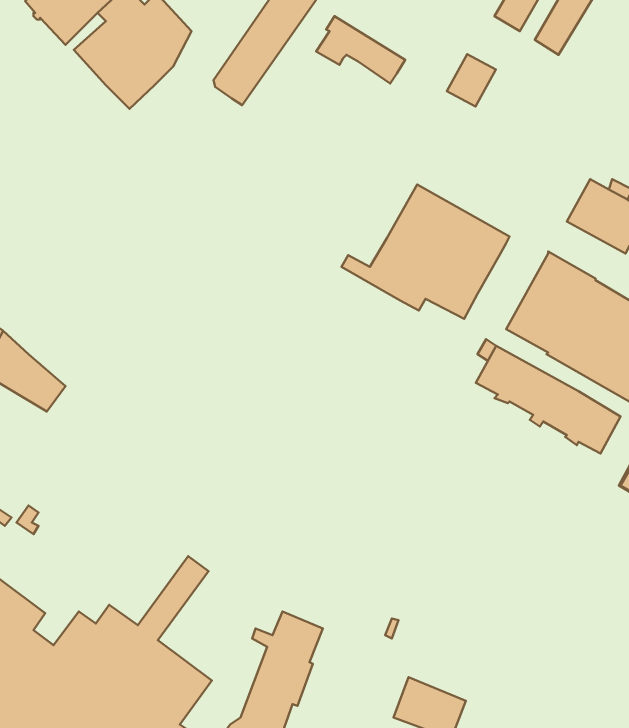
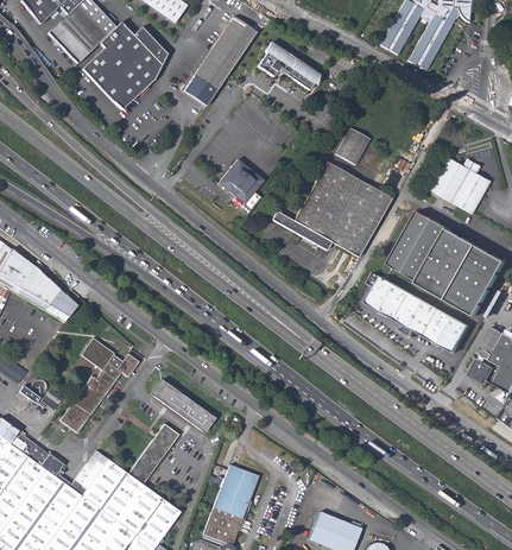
building: [447,54,496,106] -> [334,127,368,164]
building: none -> [219,159,264,215]
building: none -> [59,337,139,432]
building: none -> [151,379,214,432]

